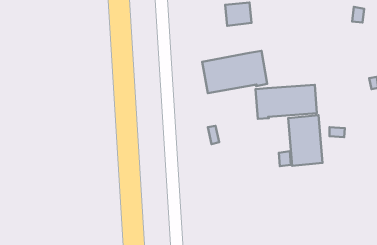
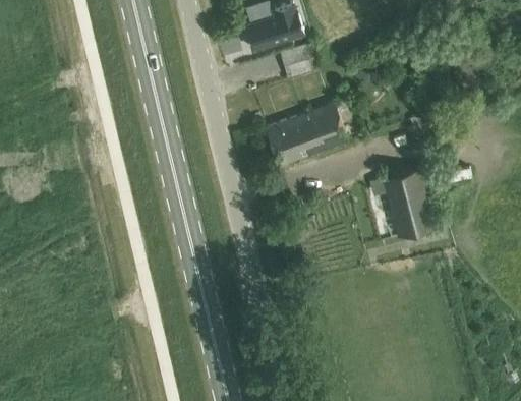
building: [255,85,317,119] -> none

